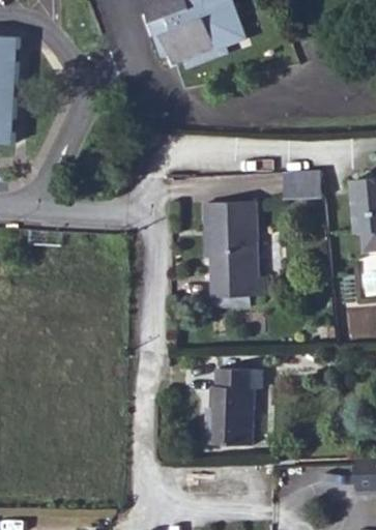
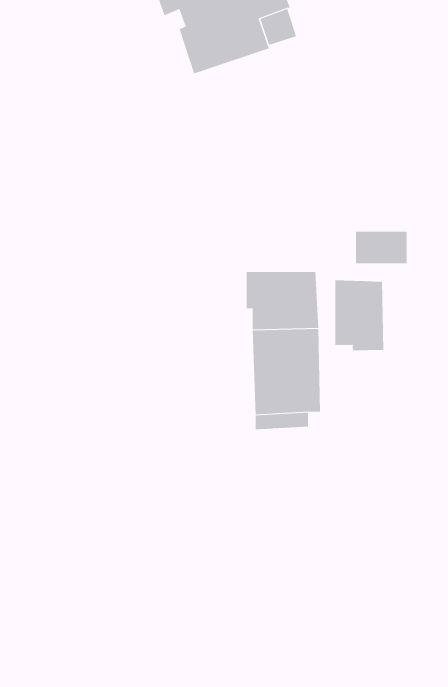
building: none -> [335,280,384,351]
building: [205,370,262,447] -> none

